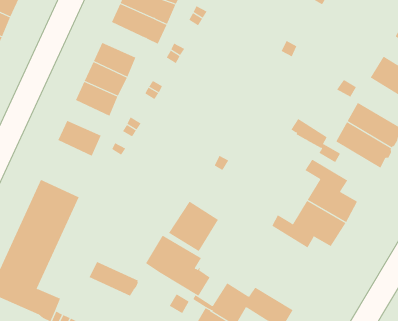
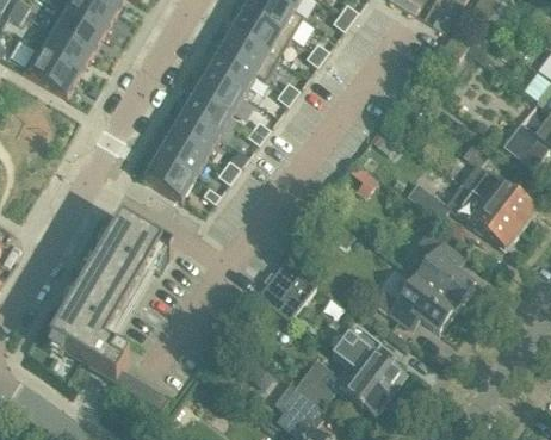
building: none -> [205,50,255,93]
building: none -> [156,134,205,176]
building: [145,235,210,297] -> [332,323,403,397]
building: [89,261,139,297] -> none

